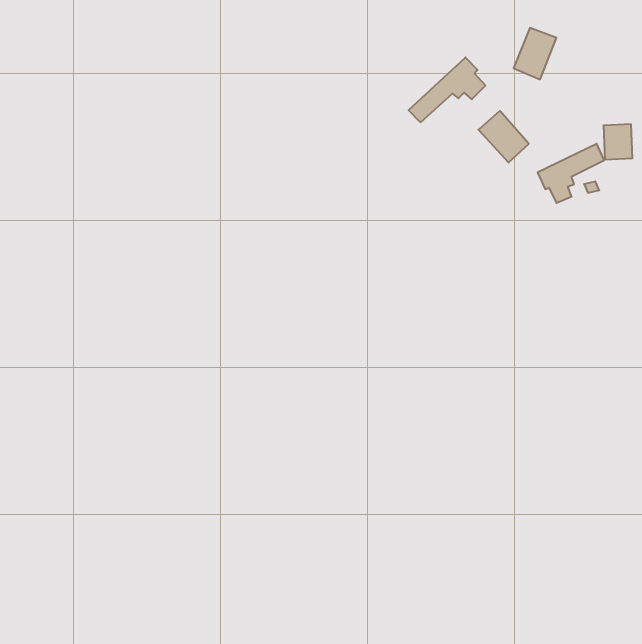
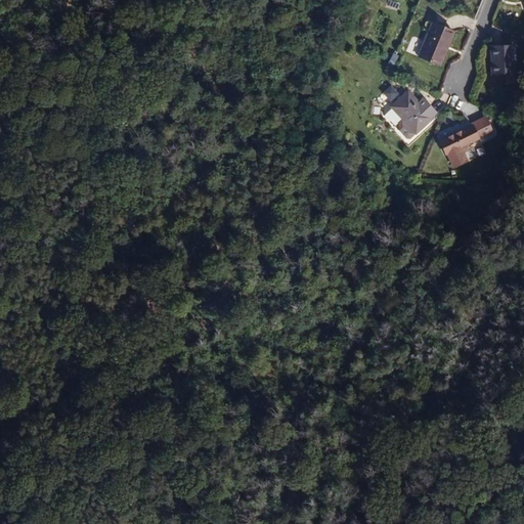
building: [409,57,485,122] -> none
building: [603,124,632,160] -> [491,45,515,74]

